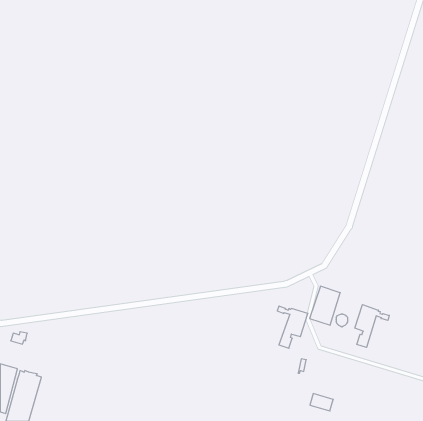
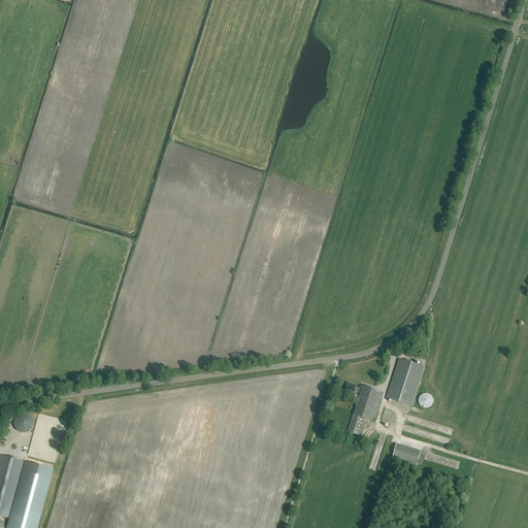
building: [355,305,389,347] -> none
building: [310,394,333,411] -> [392,442,421,464]

